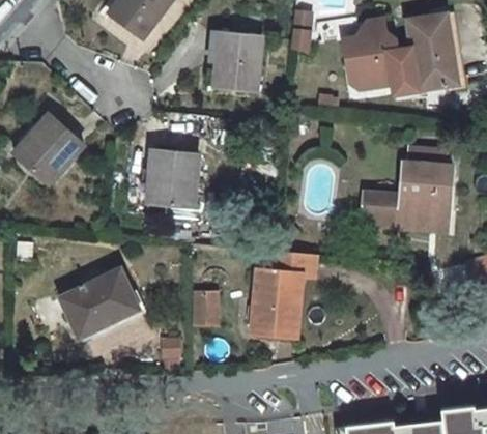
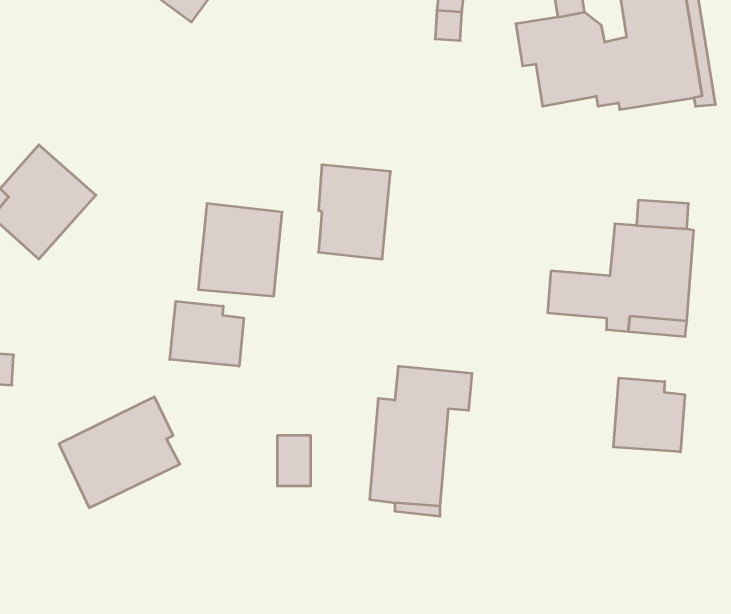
building: [217,33,261,91] -> [318,165,391,259]
building: none -> [170,301,244,366]
building: none -> [613,378,685,452]

